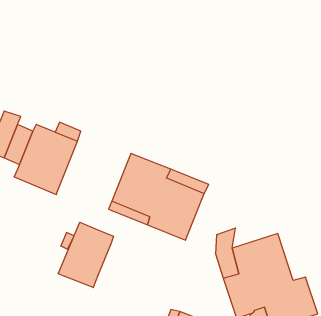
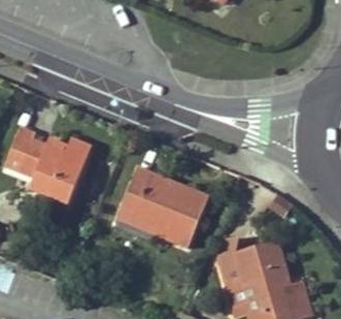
building: [58,222,114,288] -> none

